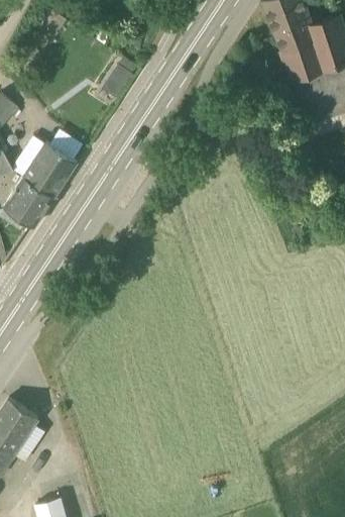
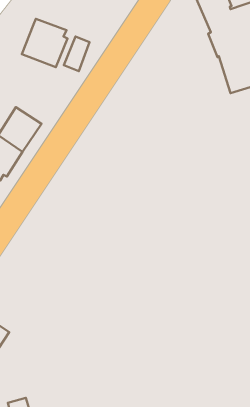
building: none -> [22,19,67,67]

